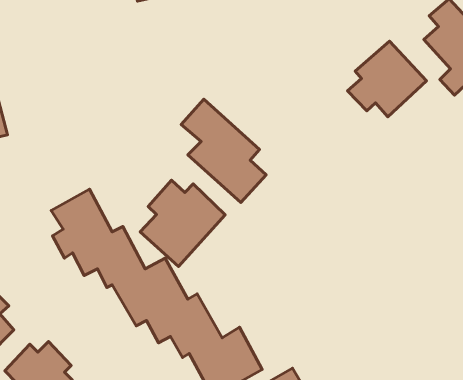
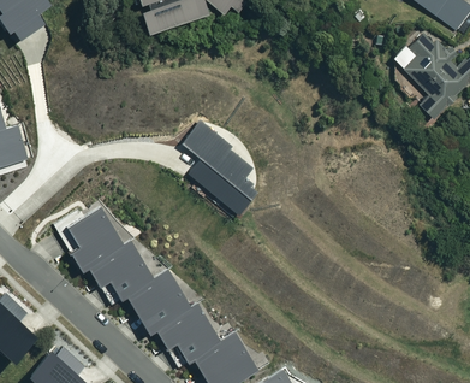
building: [348,41,427,117] -> none
building: [140,180,225,266] -> none

